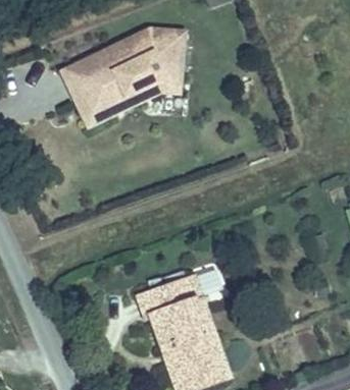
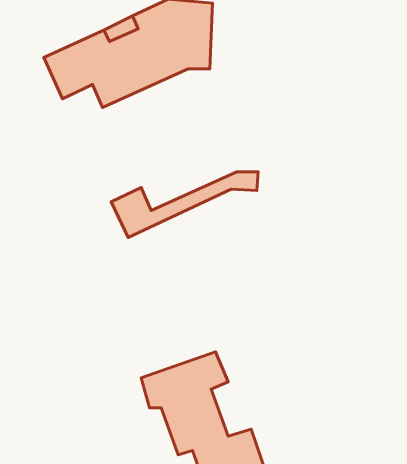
building: [77,75,182,122] -> [111,172,258,238]

